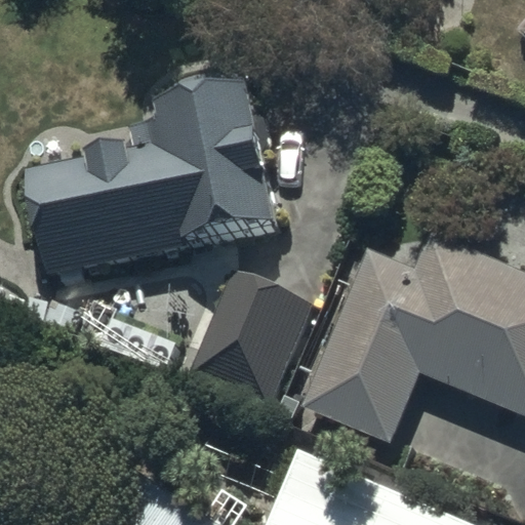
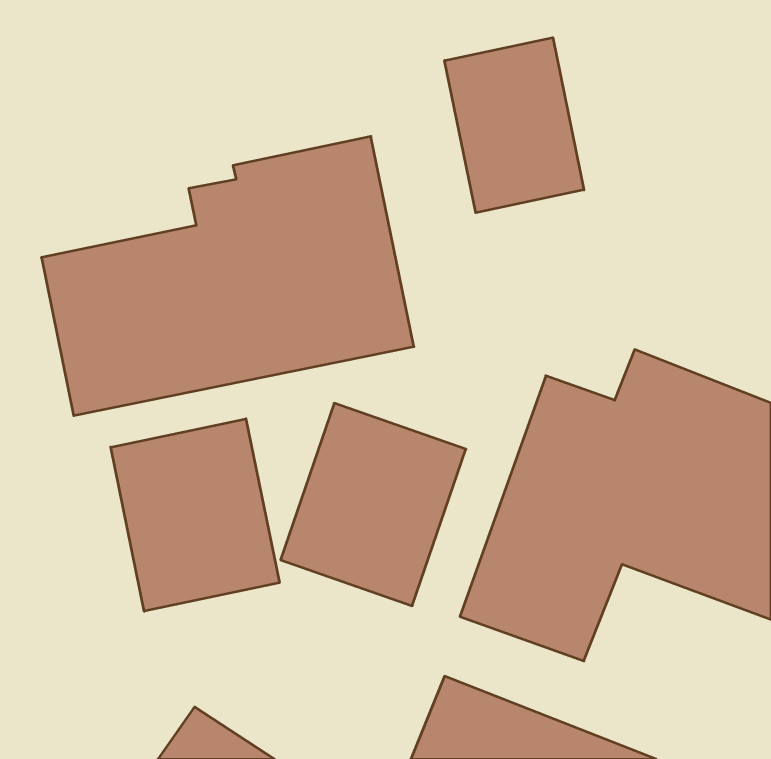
building: none -> [445,38,584,213]
building: none -> [111,419,279,611]

